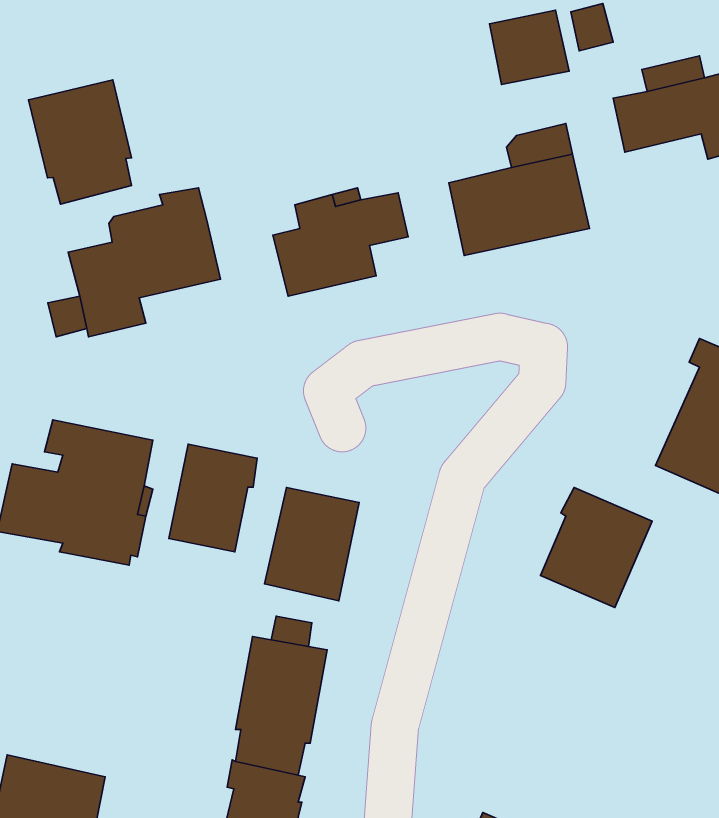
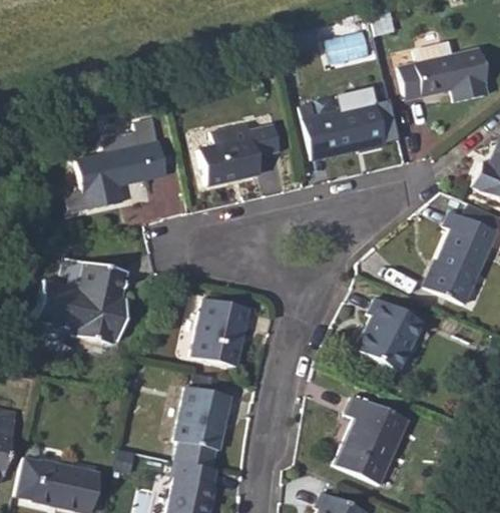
building: [29,80,131,204] -> none
building: [169,444,257,552] -> none
building: none -> [335,396,407,484]

